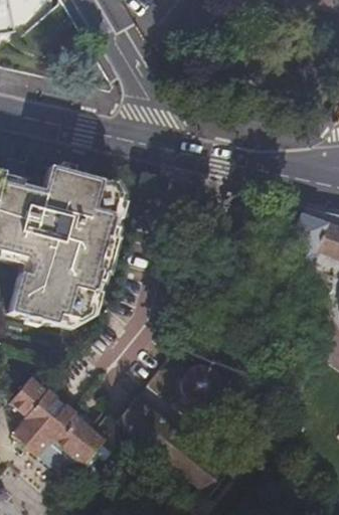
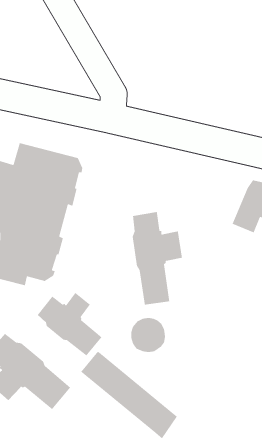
building: none -> [132,211,183,305]
building: none -> [37,292,102,357]

